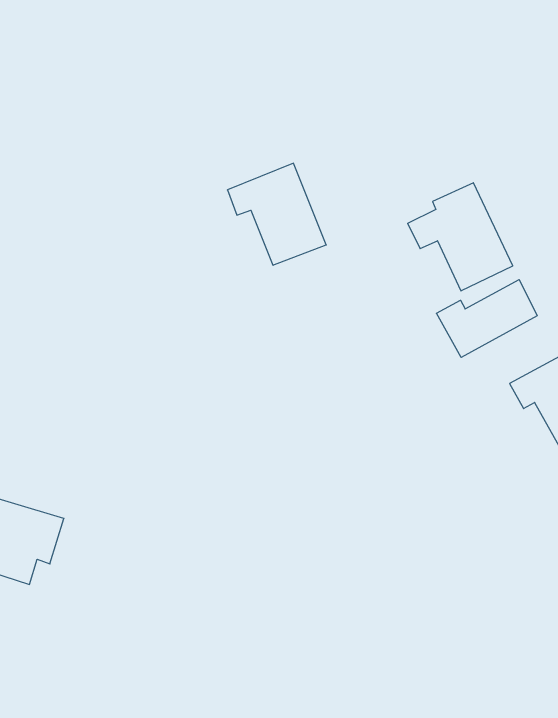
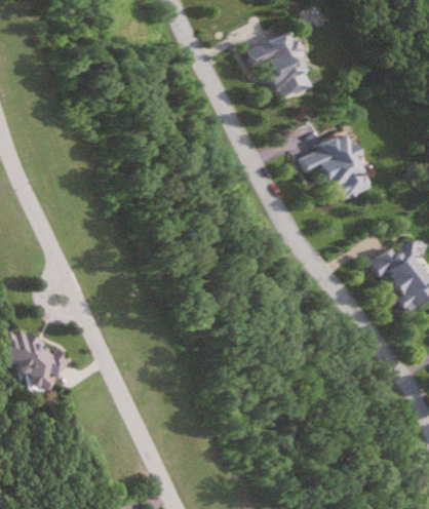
building: [227,163,326,265] -> [249,31,314,97]
building: [436,280,537,357] -> none

